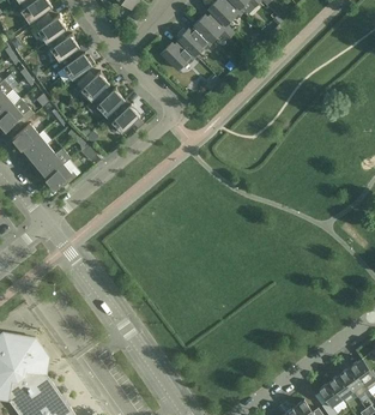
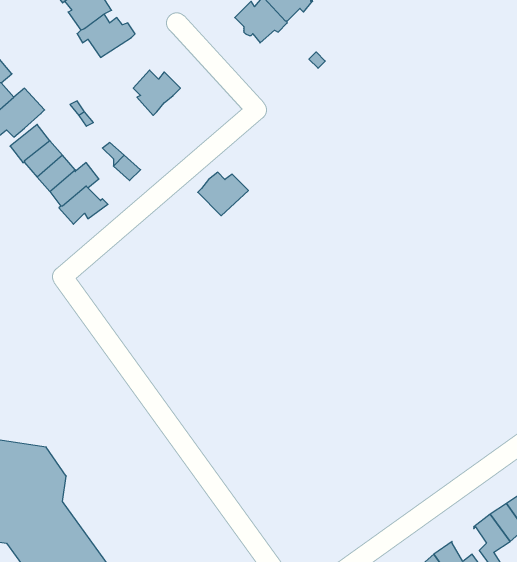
building: [74,72,108,102] -> none
building: [105,104,139,133] -> [198,172,248,216]

